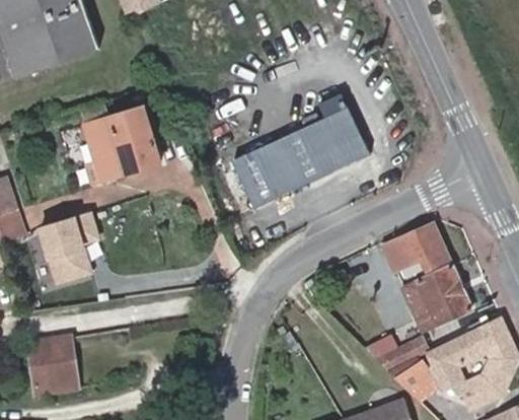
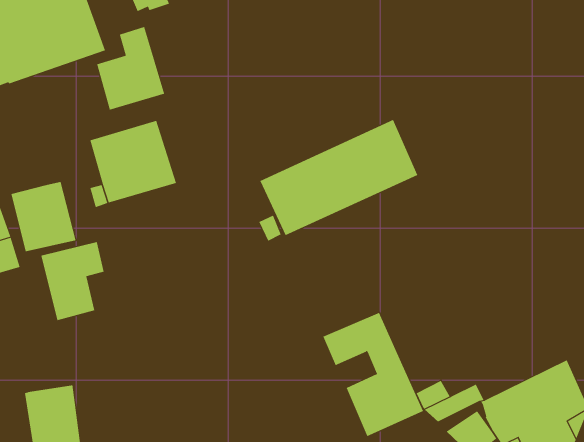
building: none -> [96,26,165,110]
building: none -> [11,181,76,252]
building: [382,222,470,331] -> [322,312,424,437]

